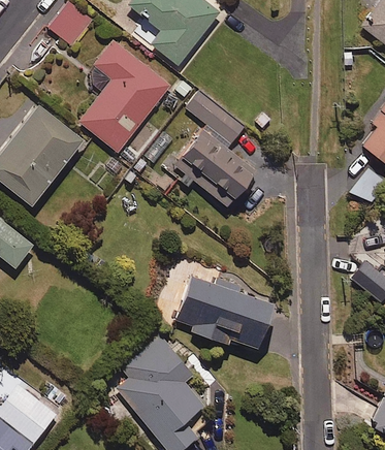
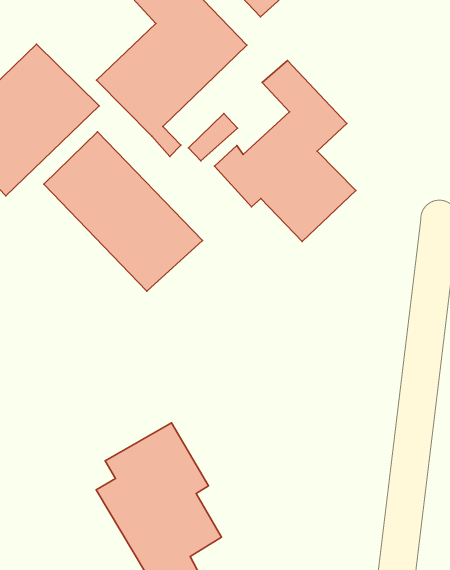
building: none -> [44,132,203,291]
building: [171,276,275,354] -> none

